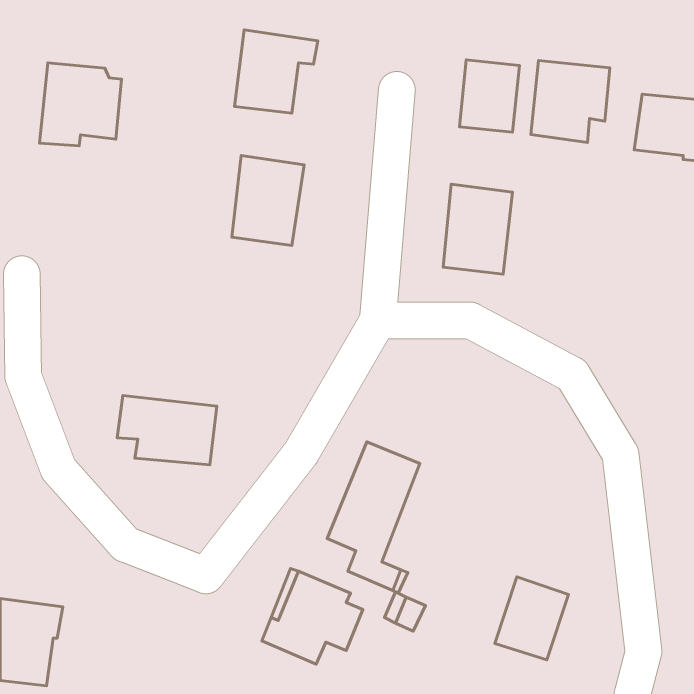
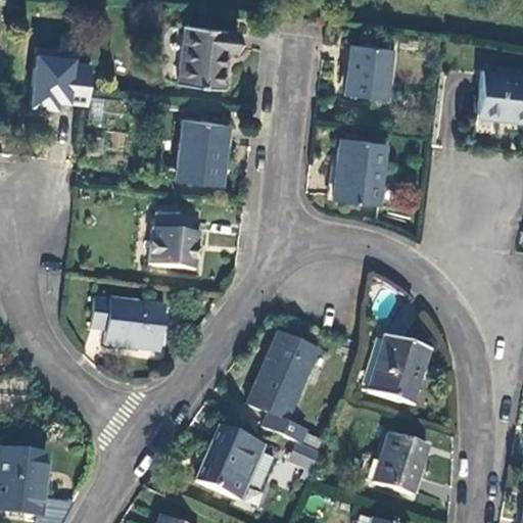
building: [531,60,610,143] -> none
building: none -> [150,210,200,269]
building: none -> [369,333,429,405]

